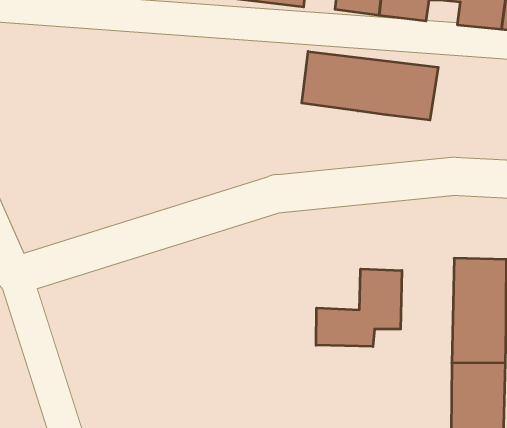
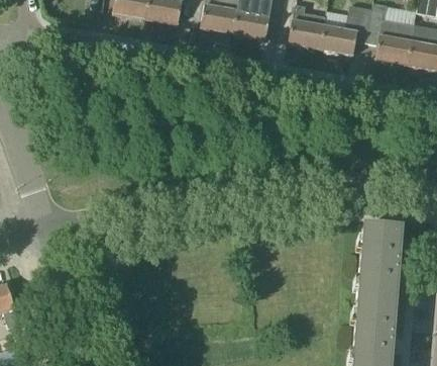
building: [302,51,438,120] -> none
building: [316,269,402,347] -> none

